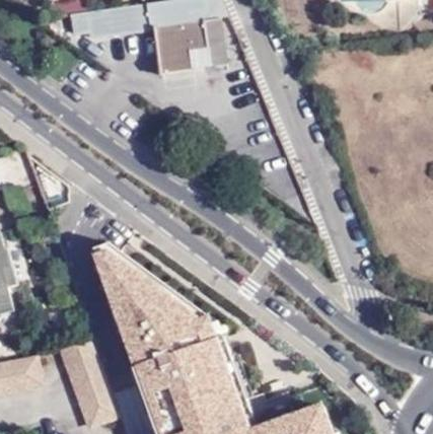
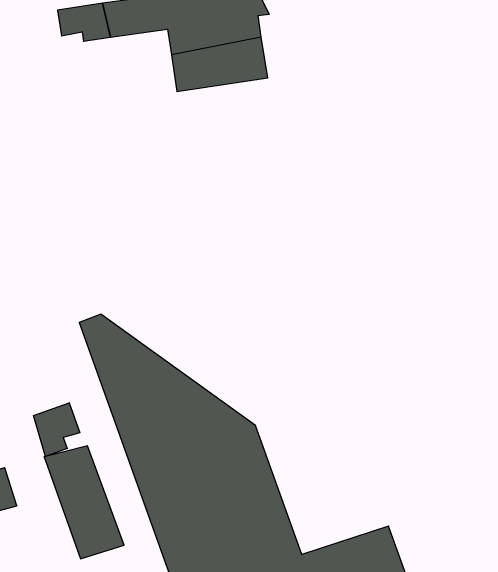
building: none -> [33,403,80,456]

